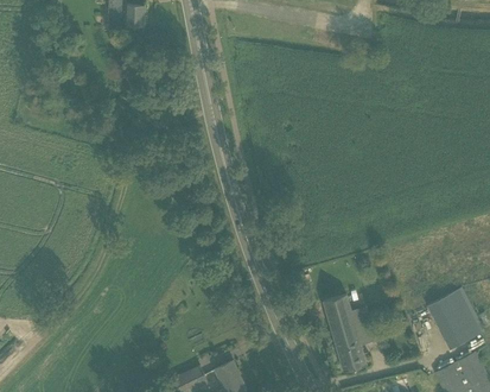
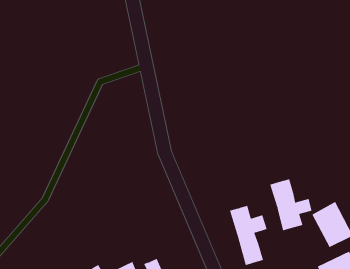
building: none -> [269,178,312,231]

